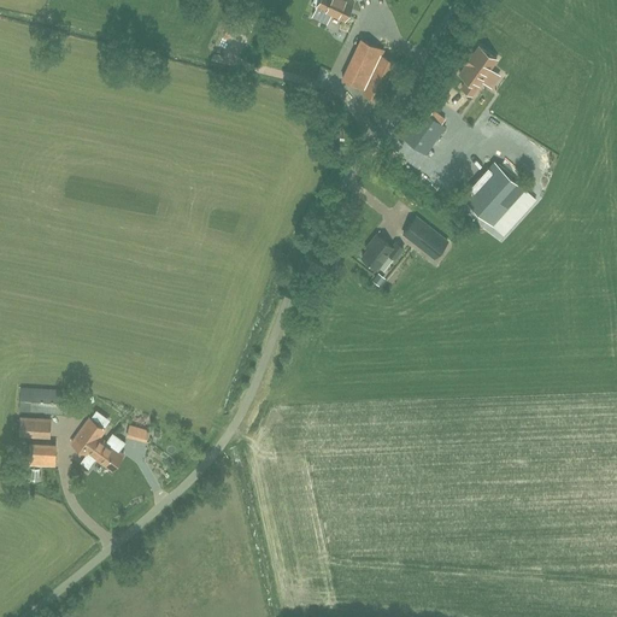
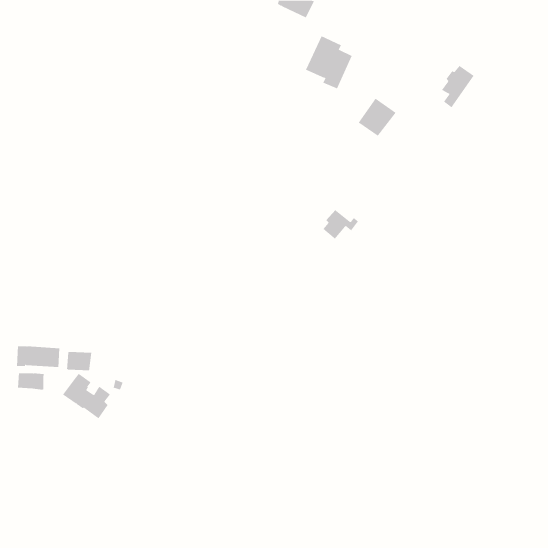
building: [458,48,495,96] -> [441,65,474,108]
building: [460,163,524,227] -> none
building: [402,218,446,259] -> none
building: [27,445,55,466] -> [66,351,92,371]

